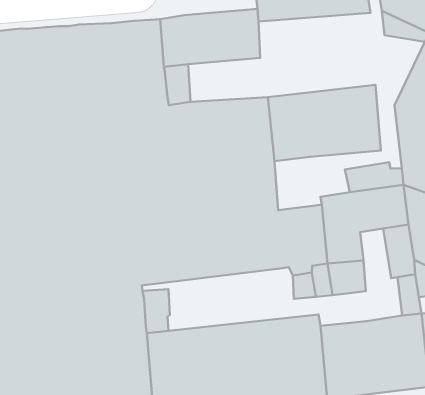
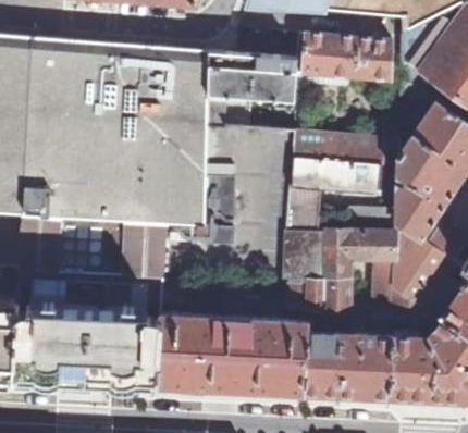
building: none -> [290,187,323,230]

